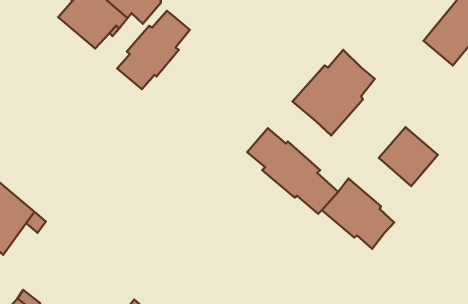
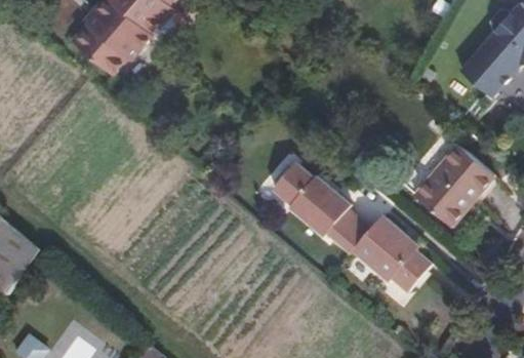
building: [117,11,190,89] -> none
building: [293,50,375,136] -> none
building: none -> [443,141,495,191]

